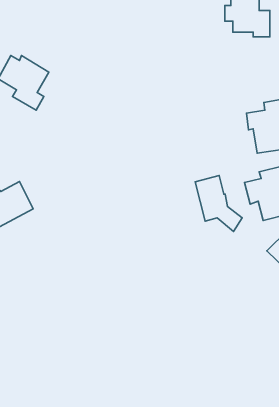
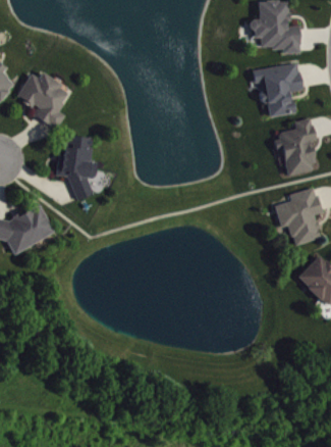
building: none -> [254,64,302,118]
building: none -> [57,136,97,201]
building: [195,175,242,231] -> none

